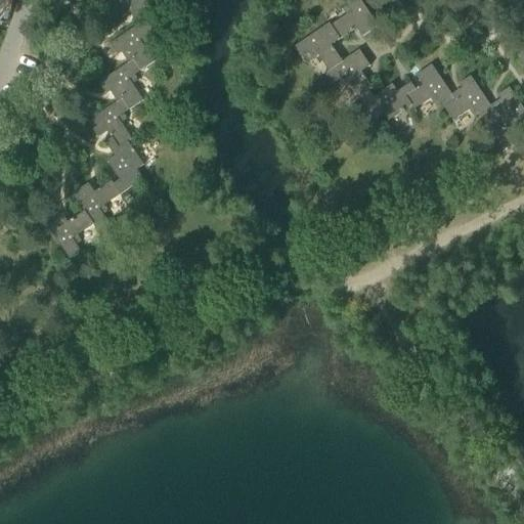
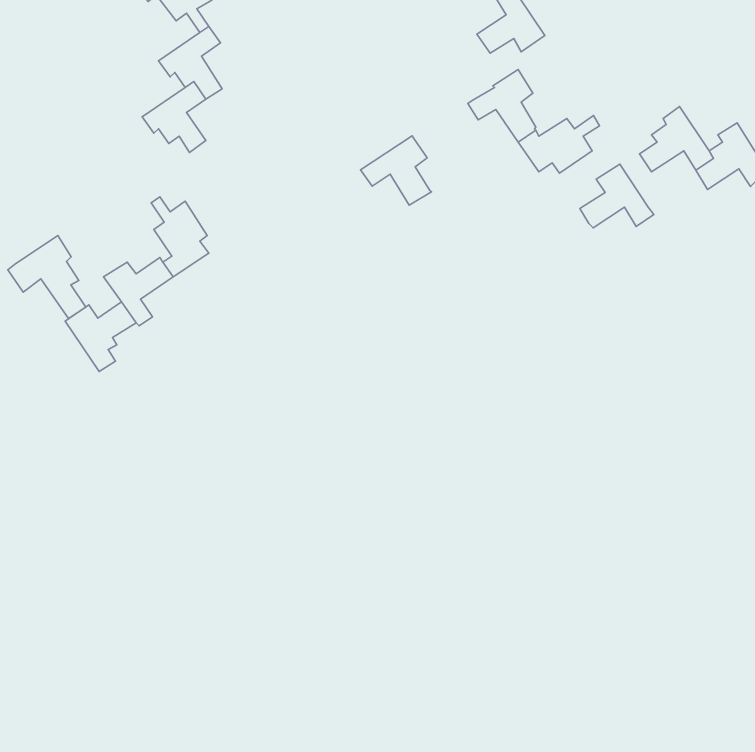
building: [294,21,343,70] -> [360,136,431,205]
building: [404,63,455,107] -> [580,164,654,228]
building: [88,94,132,146] -> none
building: none -> [8,235,86,319]

